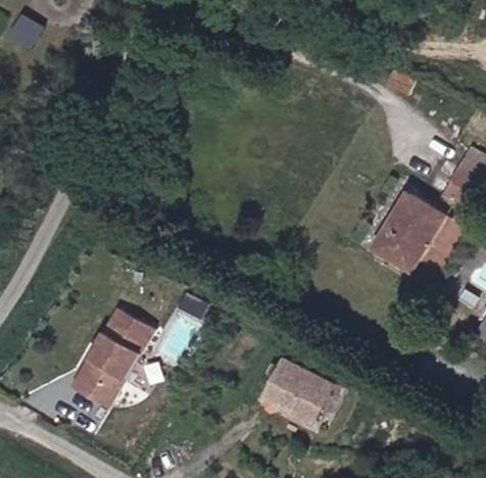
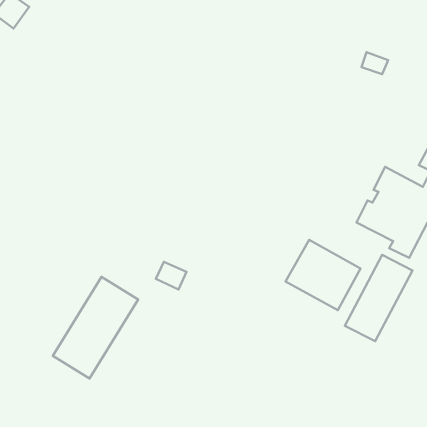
building: none -> [345,255,412,341]
building: [257,356,335,429] -> [285,240,361,310]

